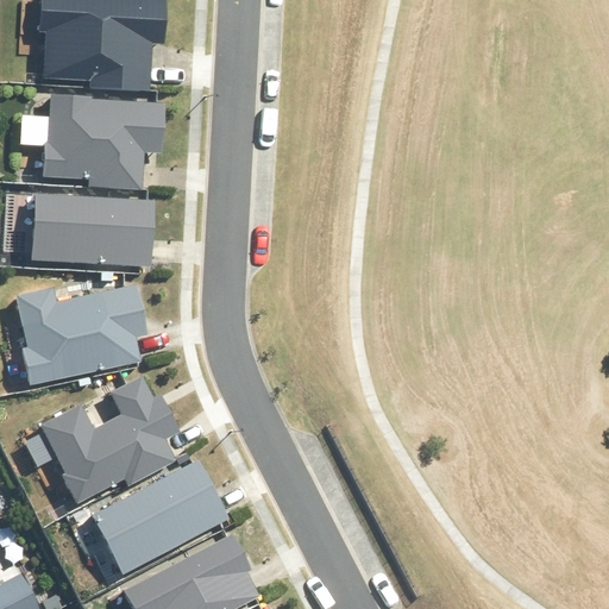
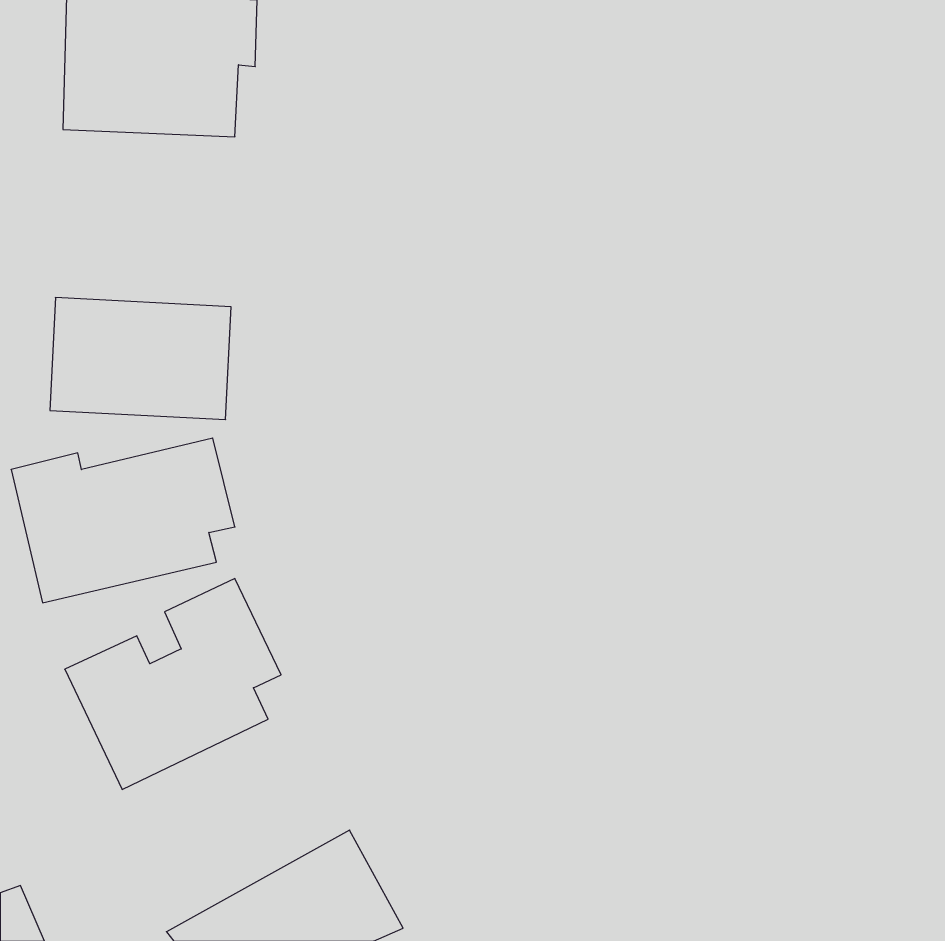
building: [45,96,168,183] -> none
building: [88,462,231,579] -> none

